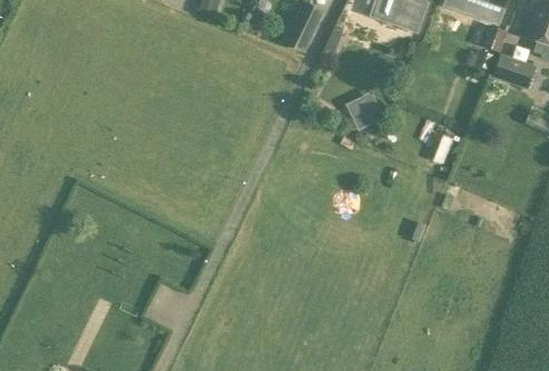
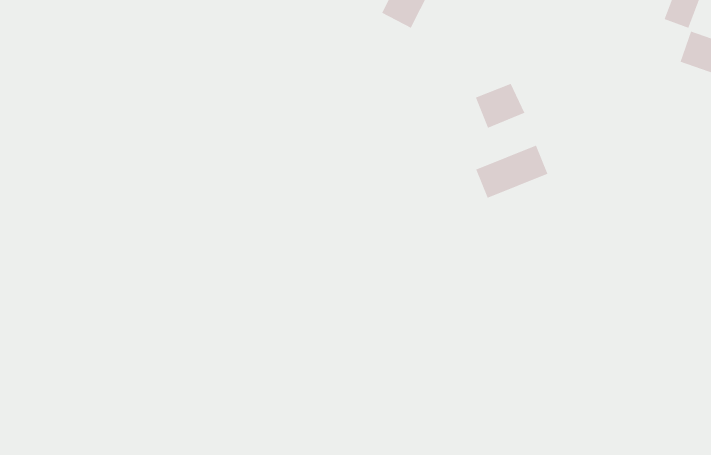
building: none -> [475,144,549,199]

